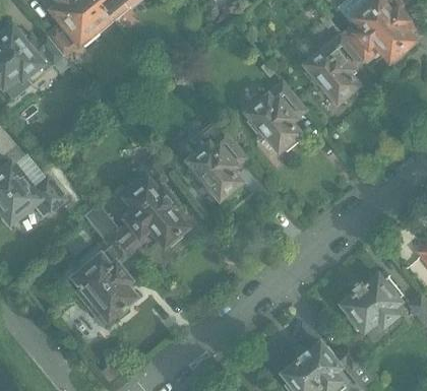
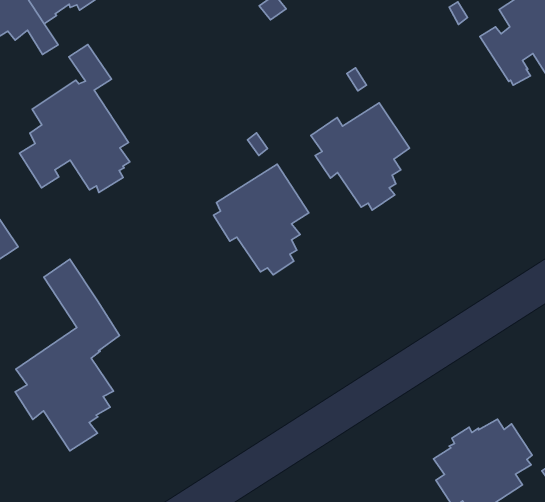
building: [298,31,361,102] -> none
building: [117,153,187,247] -> [19,44,130,192]

